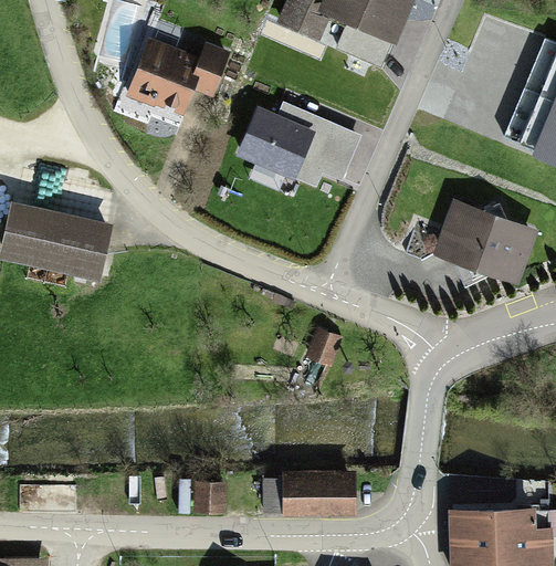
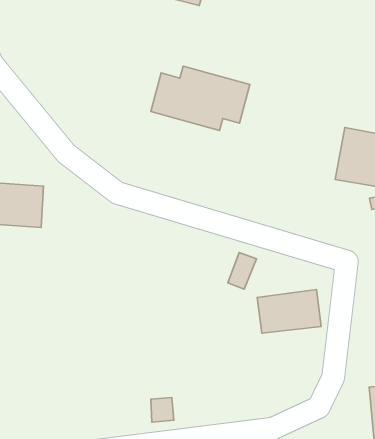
building: [126,43,229,115] -> none
building: [284,471,354,514] -> [257,290,321,333]

